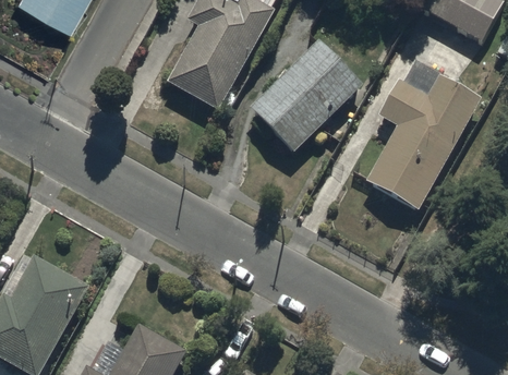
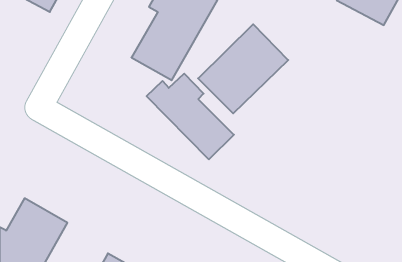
building: [363,76,482,214] -> none
building: none -> [147,74,234,159]

